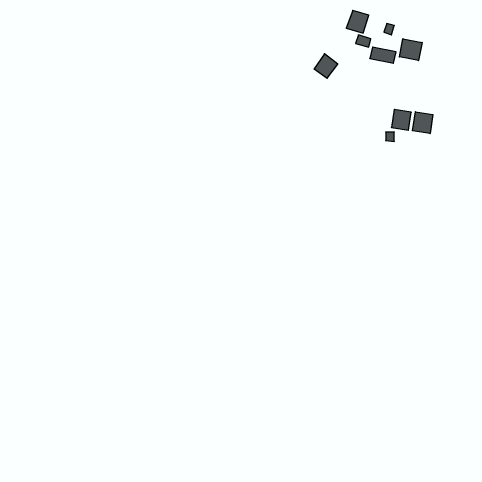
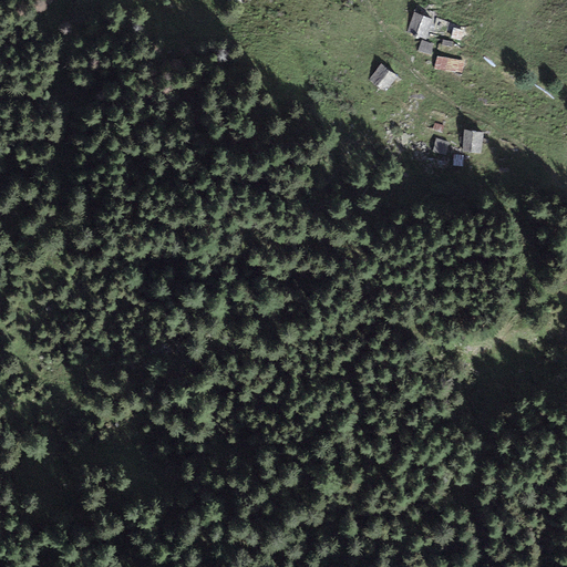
building: [399,39,422,61] -> none
building: [413,112,433,134] -> none

